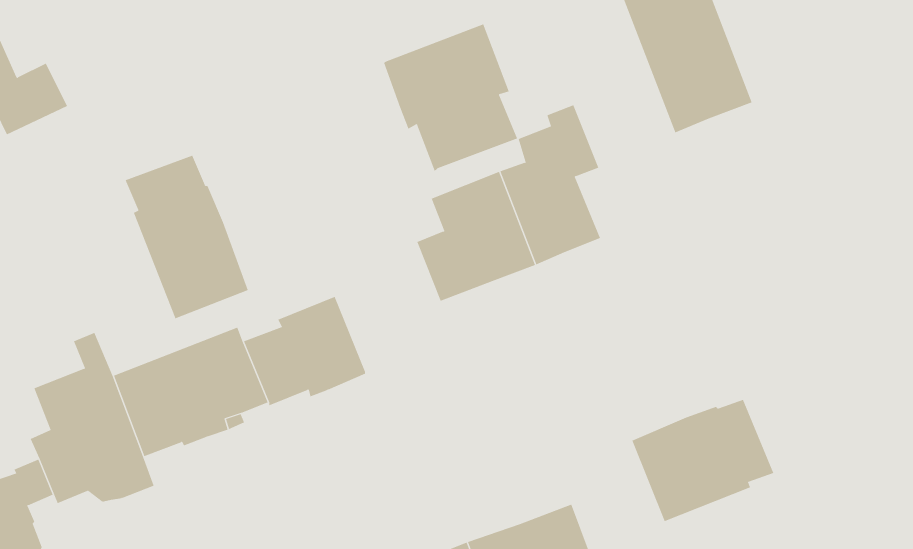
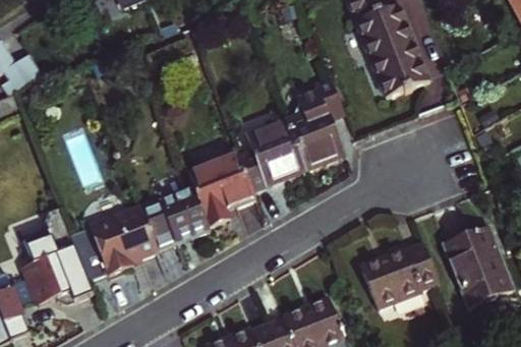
building: [384,23,518,172] -> none
building: [125,155,249,319] -> none
building: none -> [189,155,256,228]
building: none -> [439,225,512,307]

